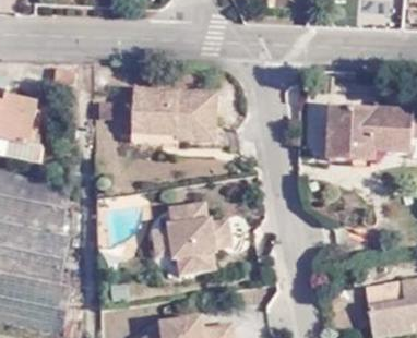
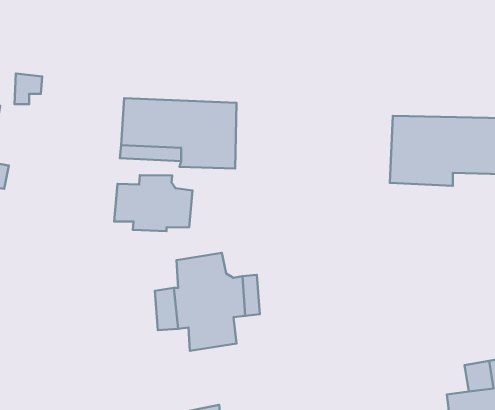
building: none -> [114,175,193,231]

